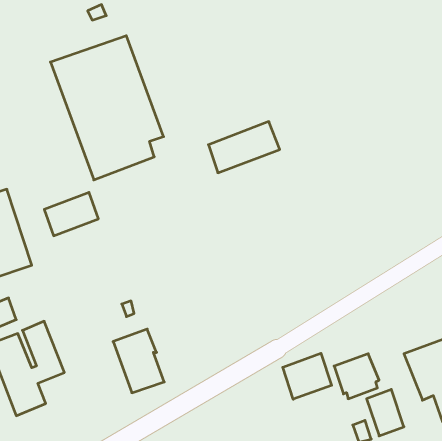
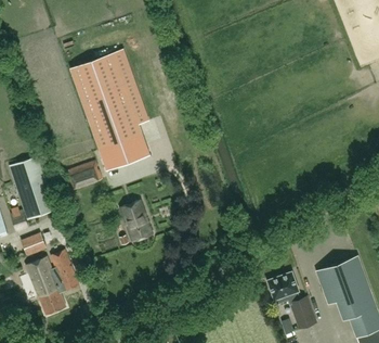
building: [208,122,280,173] -> [100,134,149,169]
building: [113,329,164,393] -> [118,198,154,242]
building: [283,353,332,399] -> none

